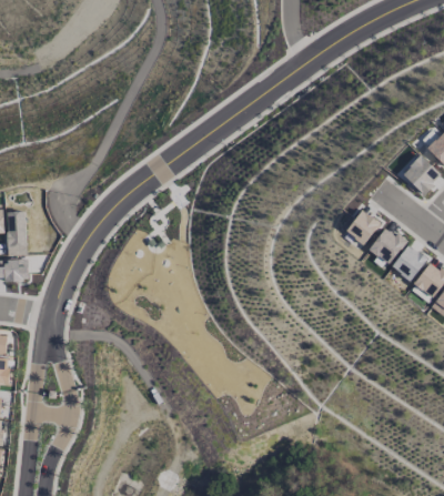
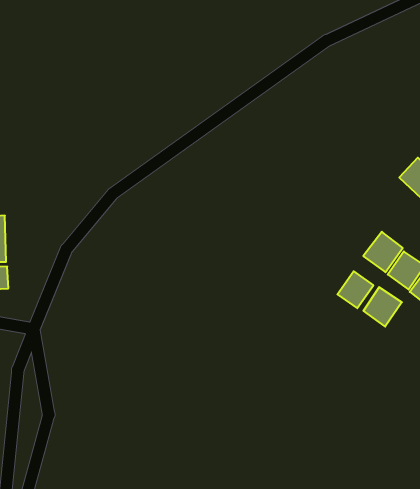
building: [346,210,381,245] -> [337,271,373,308]
building: none -> [363,287,402,327]

